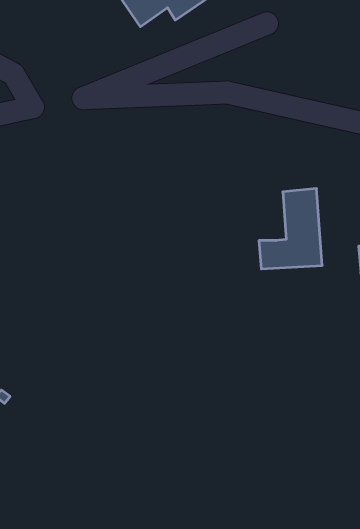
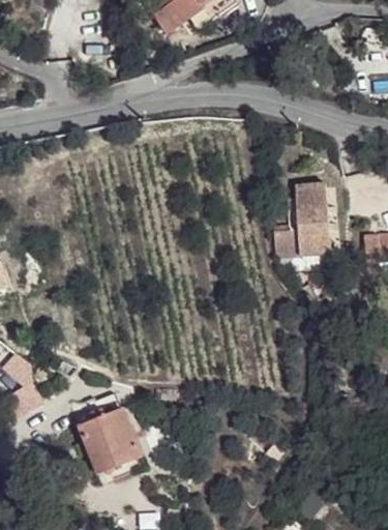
building: none -> [78,408,140,473]

